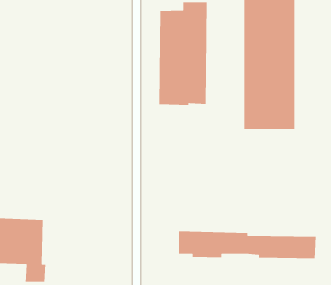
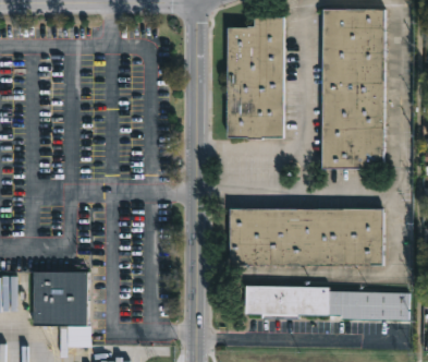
building: none -> [231,208,383,265]

